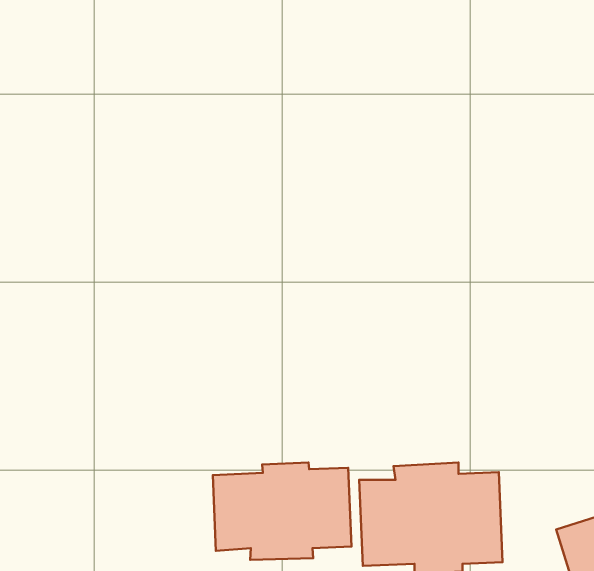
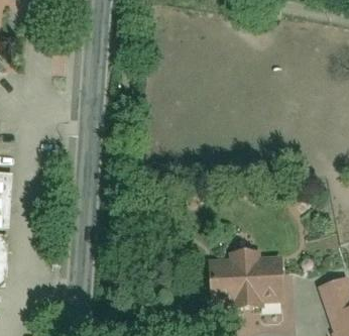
building: [213,462,351,560] -> none

